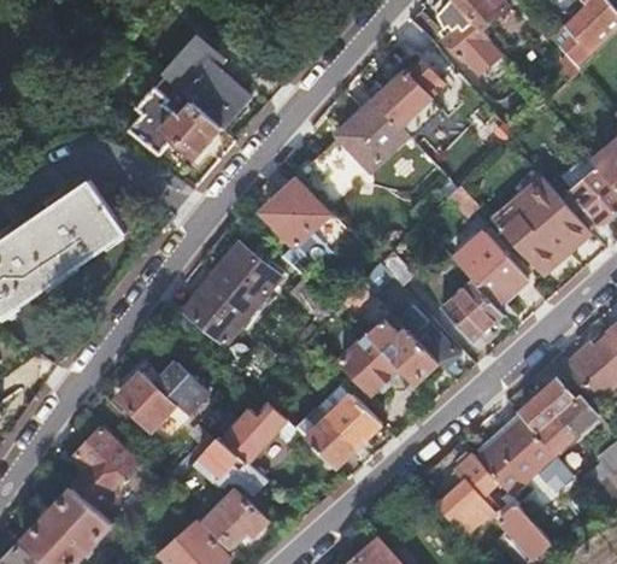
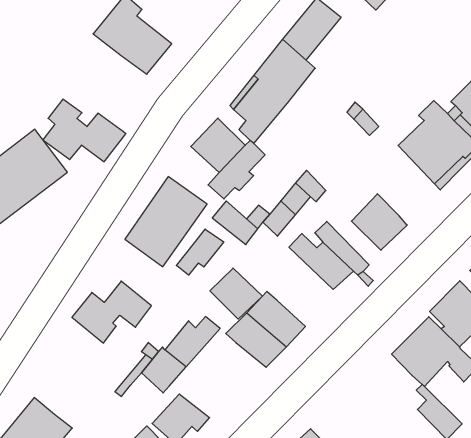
building: [128,87,222,160] -> [43,99,126,162]
building: [452,229,525,305] -> none
building: none -> [176,229,224,275]
building: [340,333,399,390] -> [210,268,263,319]
building: [70,425,137,505] -> none
building: [435,457,498,525] -> none

